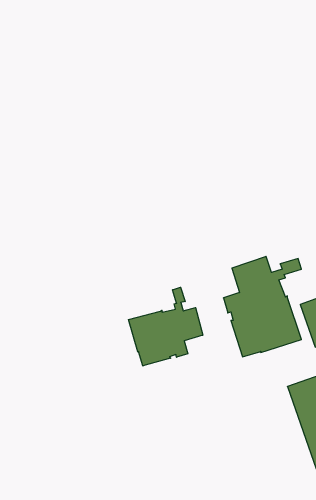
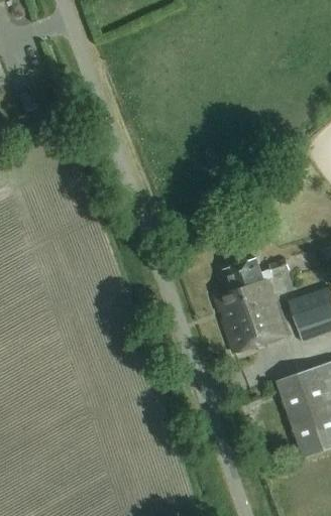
building: [129,287,203,366] -> none

